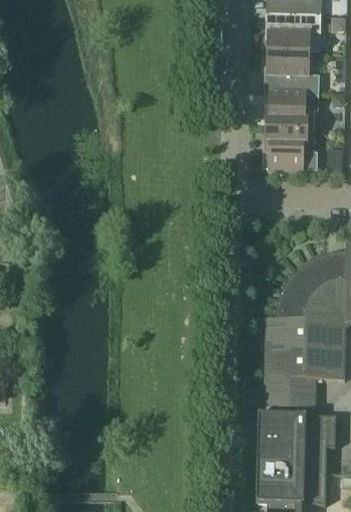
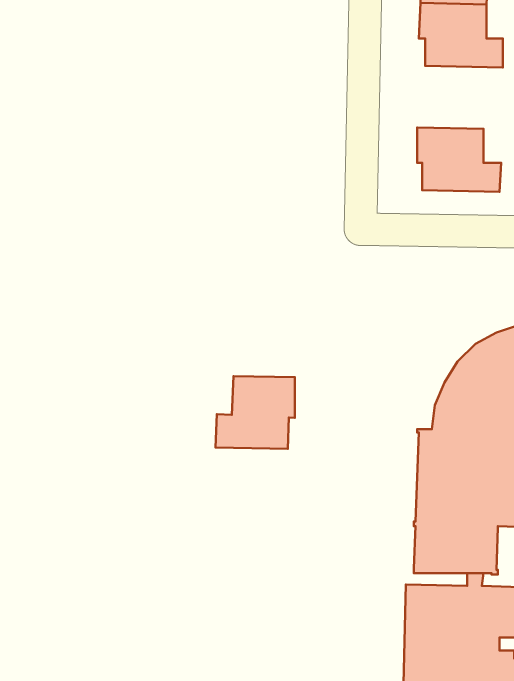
building: [265,92,318,132] -> none
building: none -> [216,376,295,449]

